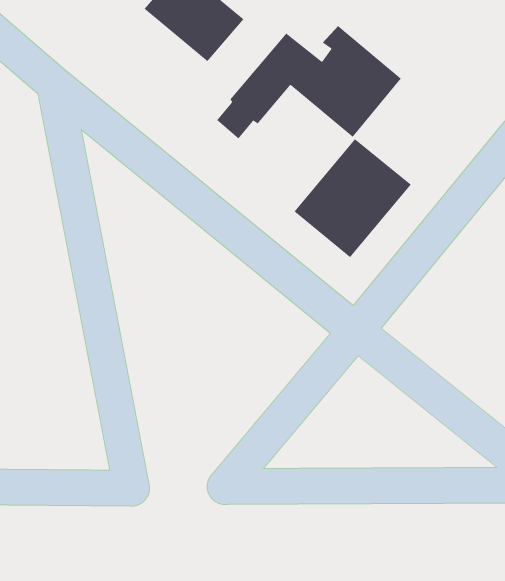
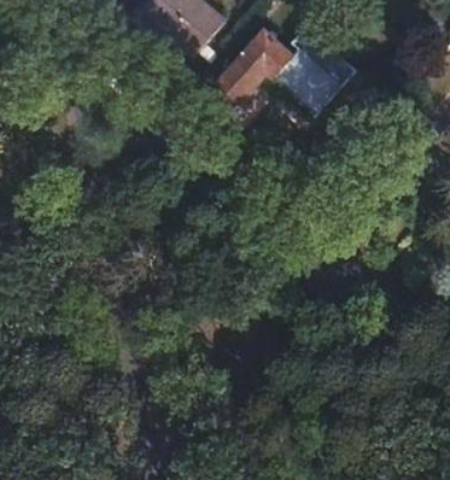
building: [293,138,412,258] -> none

